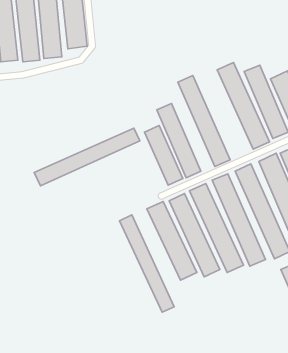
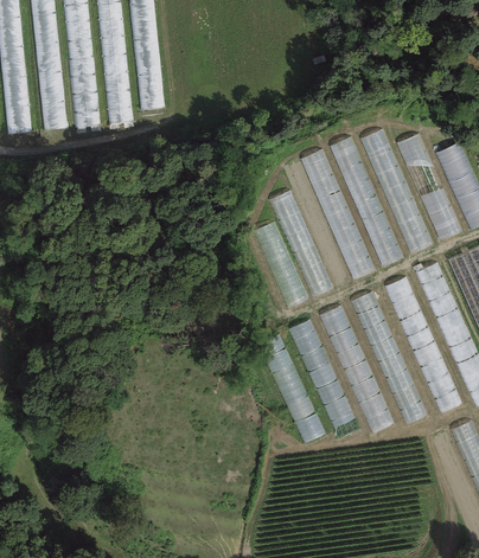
building: none -> [330,136,404,267]
building: [34,128,140,186] -> none
building: [119,215,174,312] -> none

